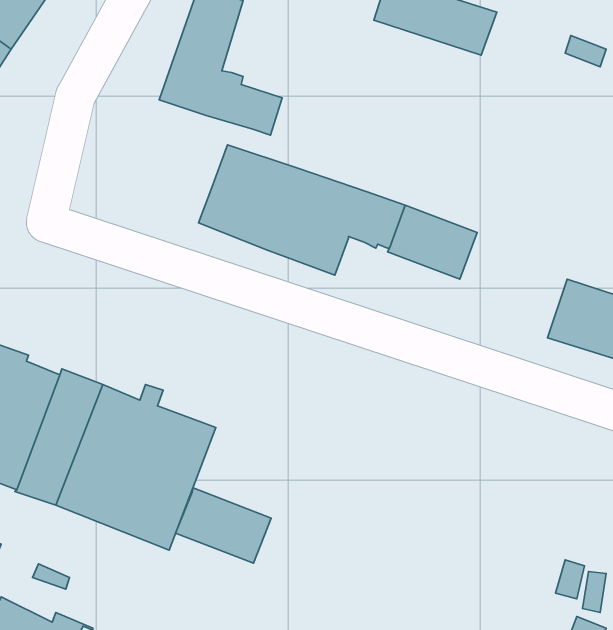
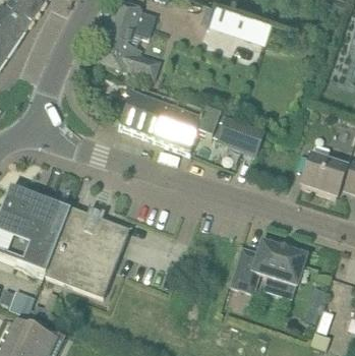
building: none -> [232,242,306,297]
building: [176,488,271,563] -> none

